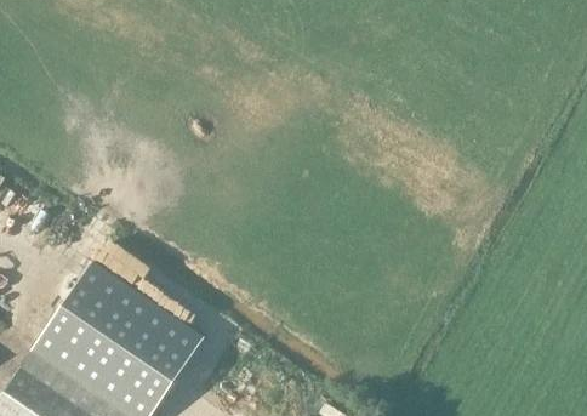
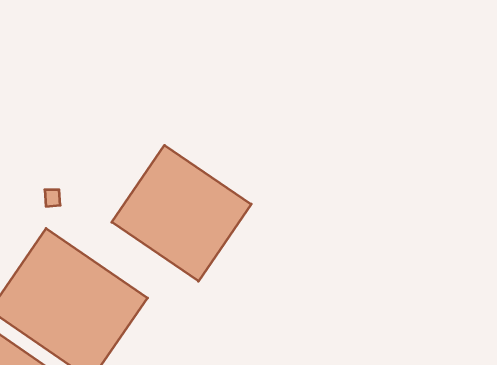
building: none -> [112,145,251,281]

